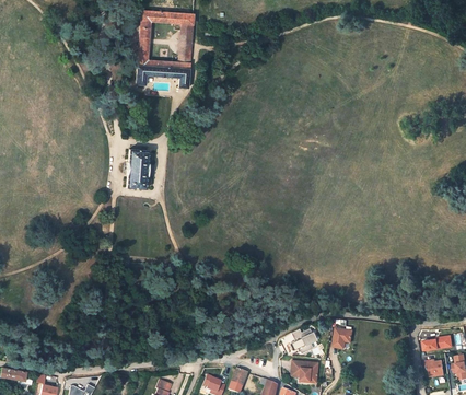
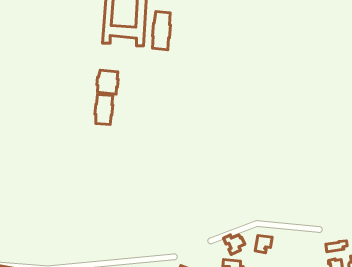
building: none -> [152,11,170,50]
building: none -> [97,70,118,94]

